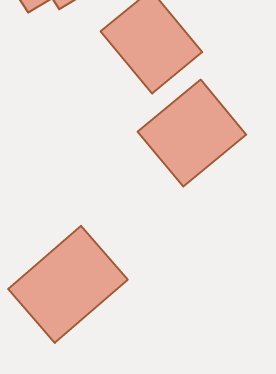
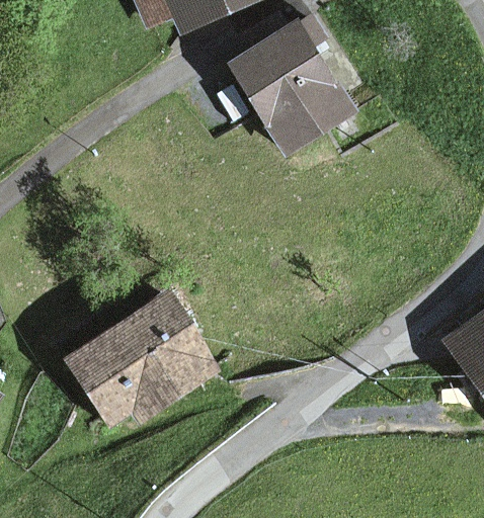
building: [138,80,246,187] -> none

